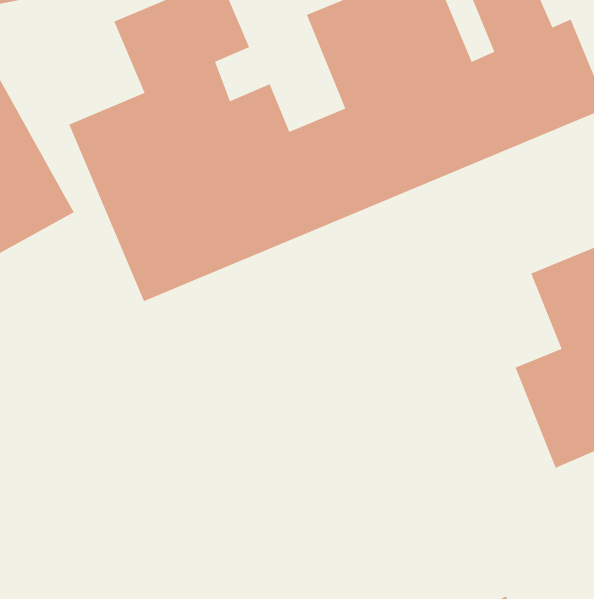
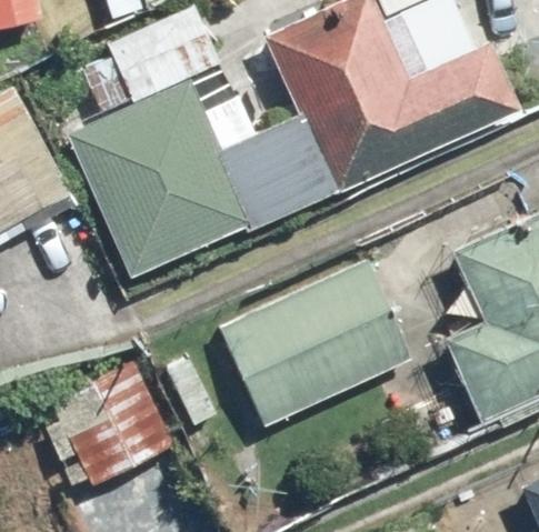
building: none -> [219,258,416,426]
building: none -> [33,370,172,494]

